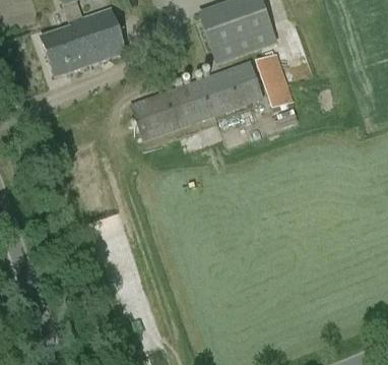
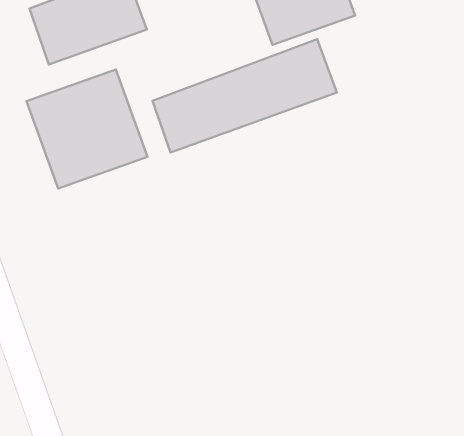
building: [256,52,294,108] -> none
building: none -> [26,70,147,189]

